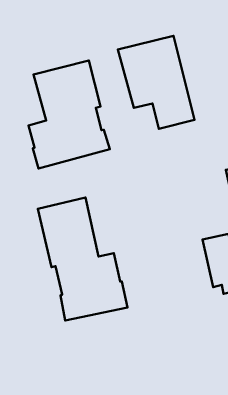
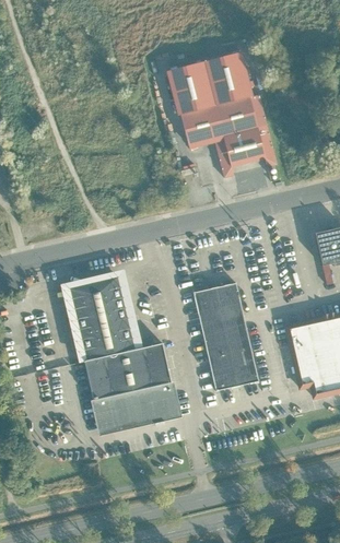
building: [29,61,110,169] -> none
building: none -> [197,283,260,391]

